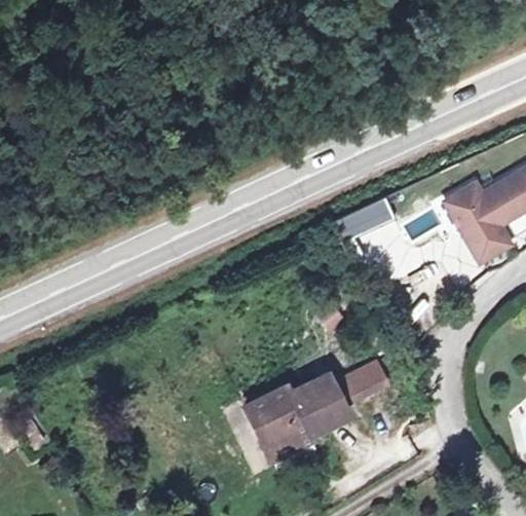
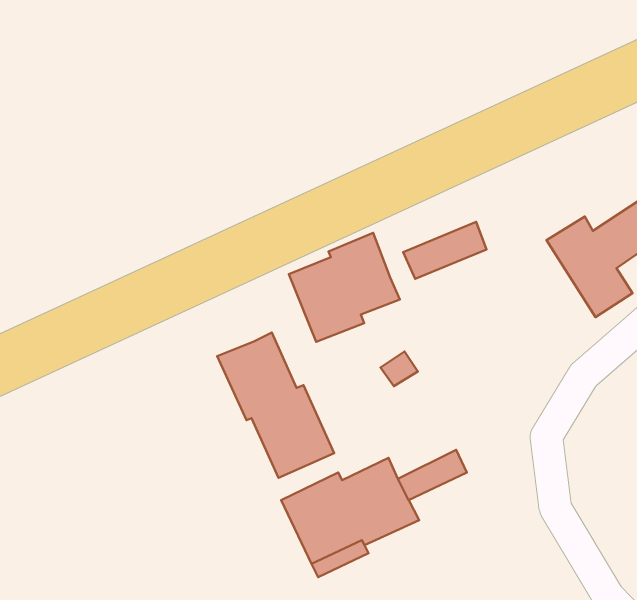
building: none -> [289,233,400,342]
building: none -> [217,333,334,478]

